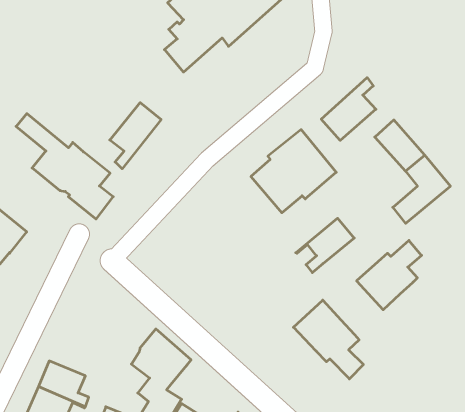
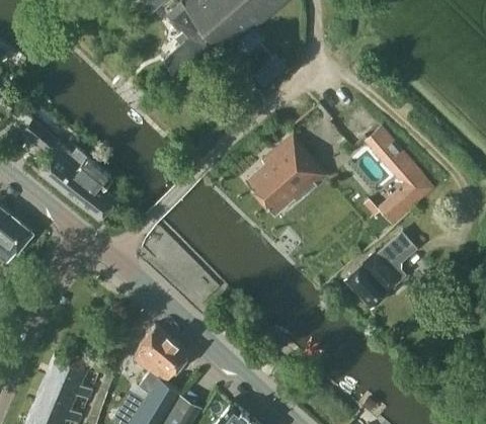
building: [321,78,376,140] -> none
building: [110,103,161,169] -> none
building: [296,218,354,273] -> none
building: [293,300,363,379] -> none

